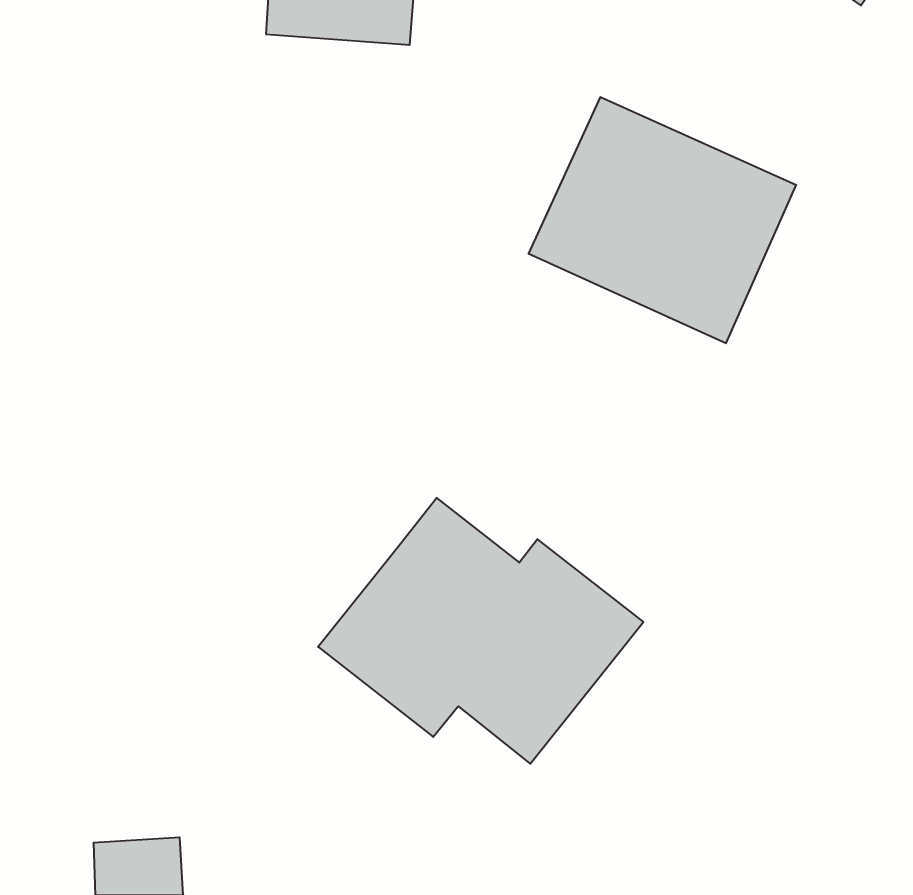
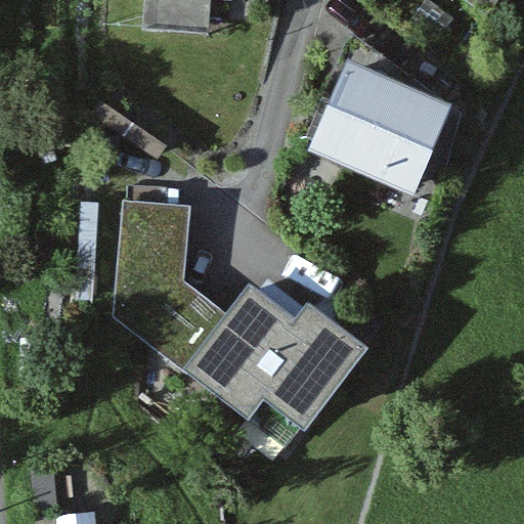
building: none -> [108,191,226,368]

